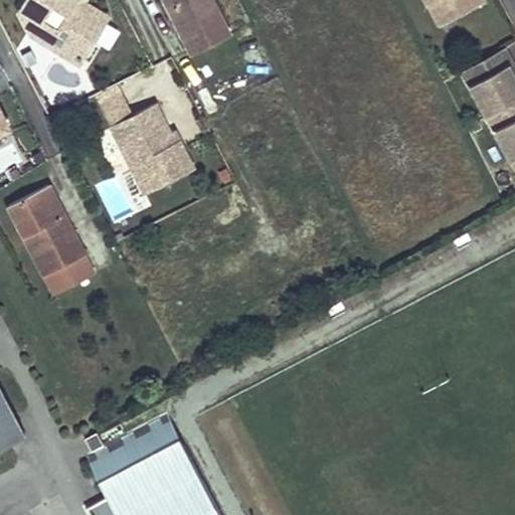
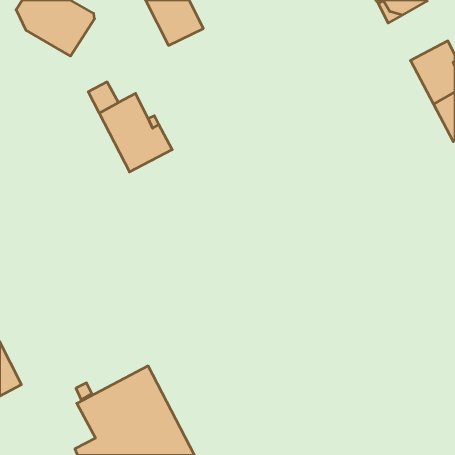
building: [7,184,97,296] -> none

